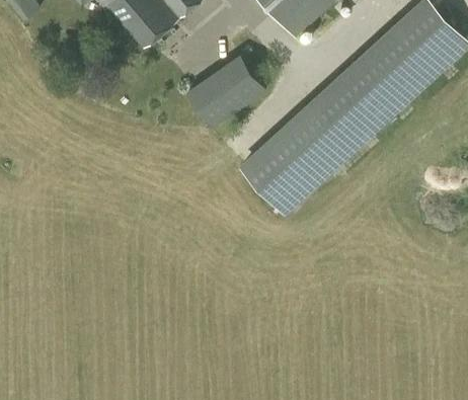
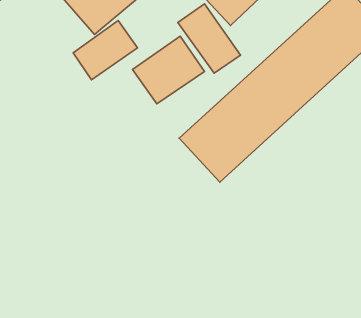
building: none -> [178,4,240,73]
building: none -> [73,21,138,80]

